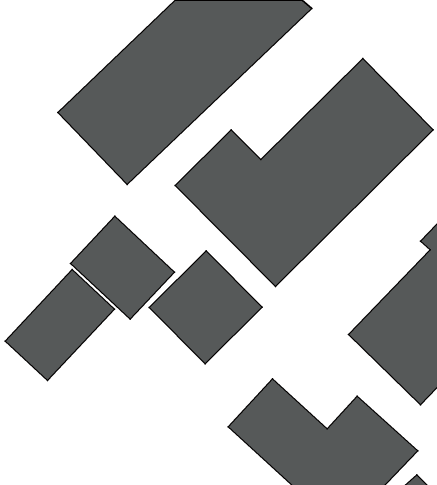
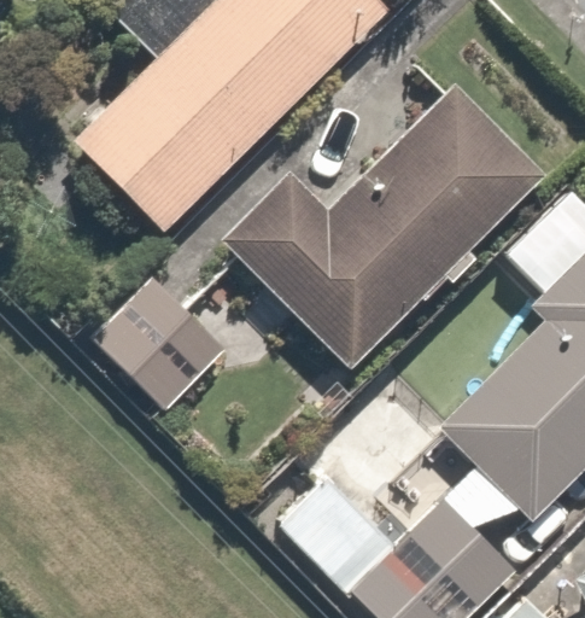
building: [149,251,262,364] -> none
building: [5,270,114,381] -> none

